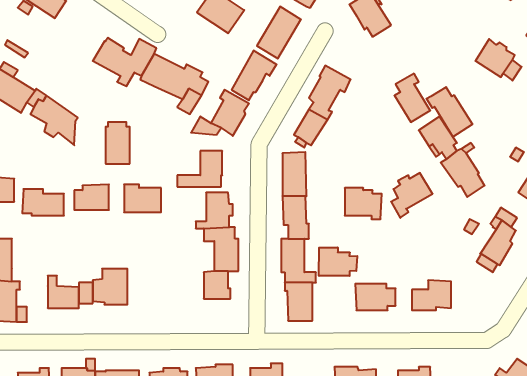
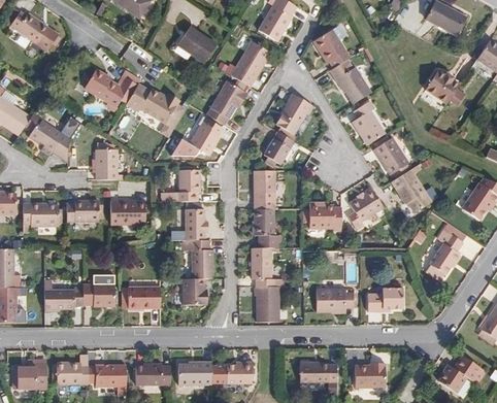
building: [426,87,473,137] -> [329,59,370,103]
building: [319,247,357,276] -> none
building: none -> [128,286,162,311]

